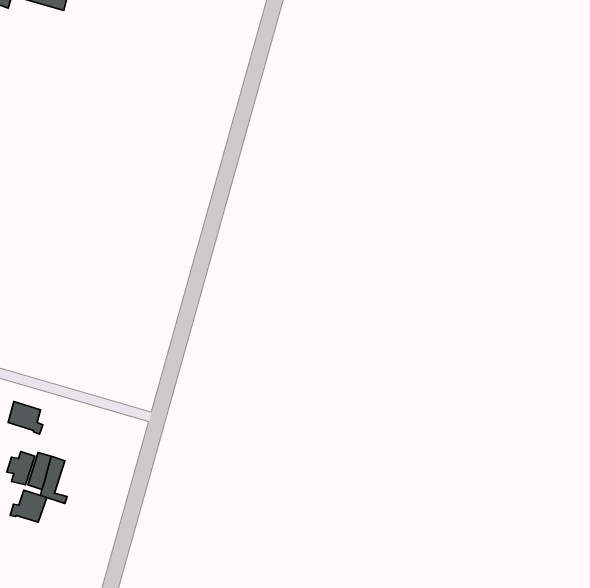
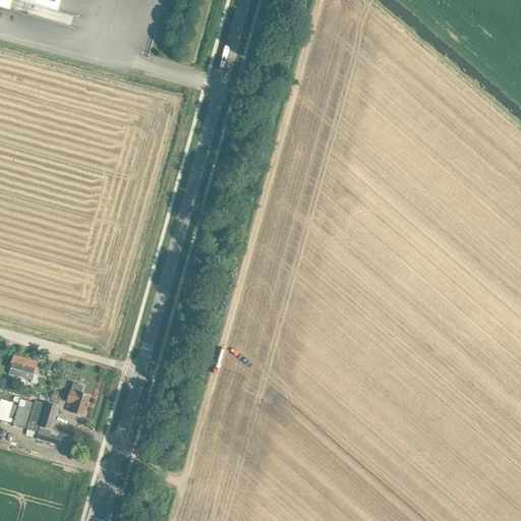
building: none -> [65,388,89,414]
building: [10,490,47,522] -> none

